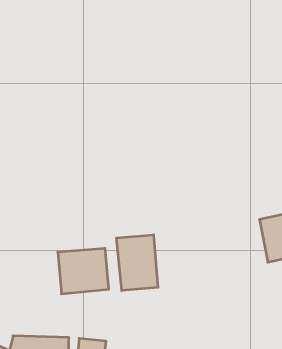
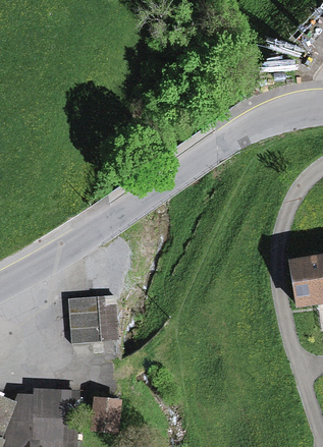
building: [117,235,158,291] -> none

